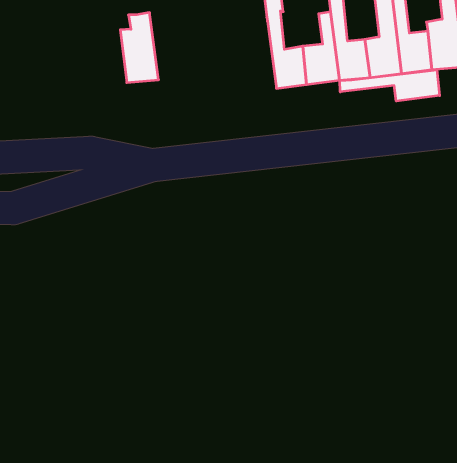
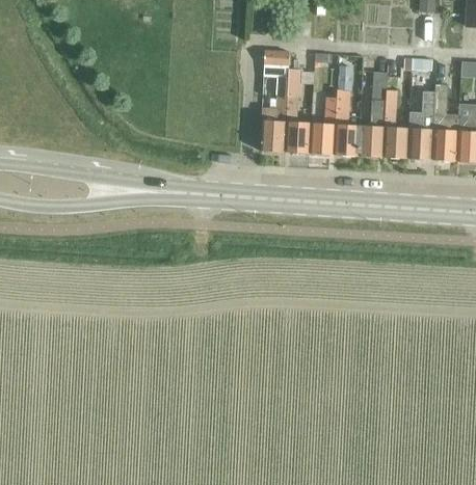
building: [120,13,159,83] -> [259,98,286,152]
building: [340,70,440,101] -> none

